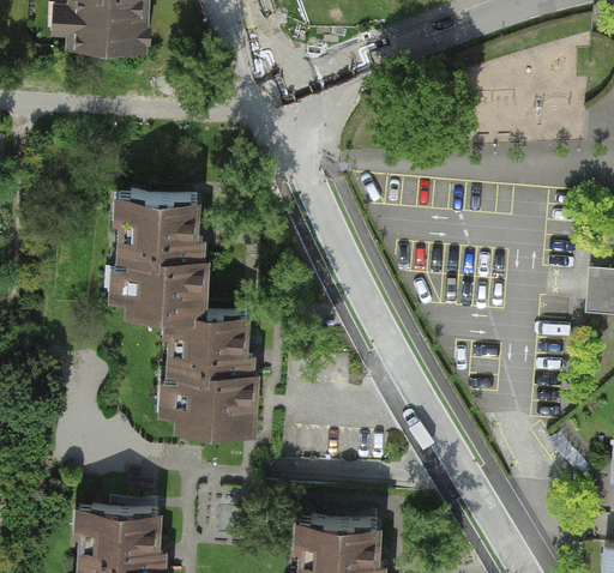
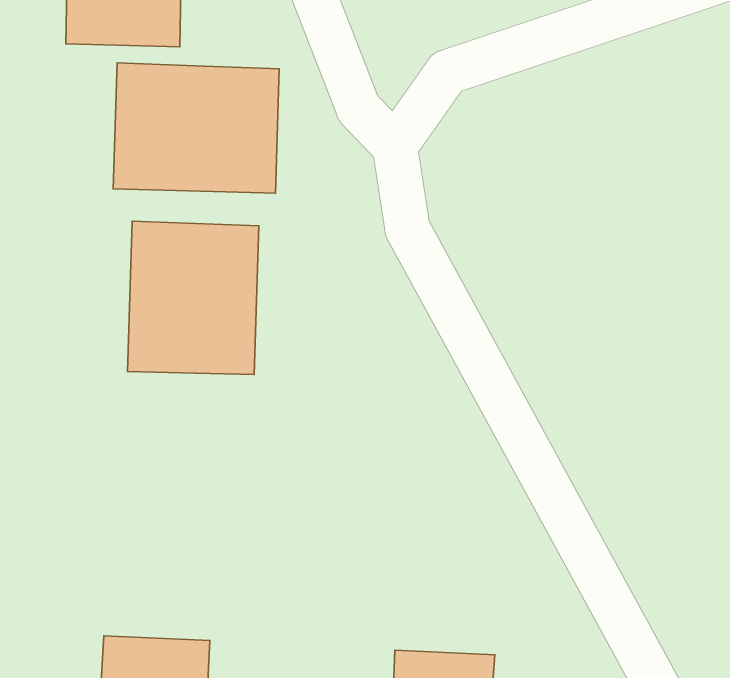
building: none -> [113,63,279,193]
building: [155,307,257,426] -> none

